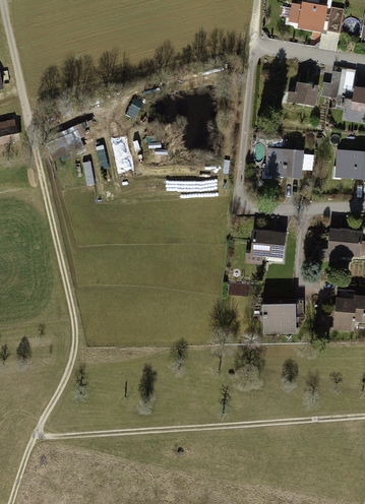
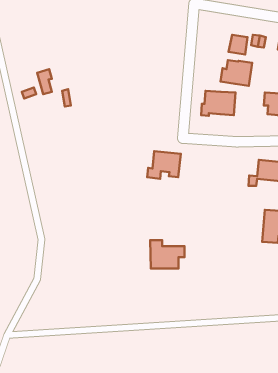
building: none -> [221,60,252,86]
building: [245,231,285,263] -> [147,151,181,179]
building: [261,297,302,330] -> [150,240,184,269]

